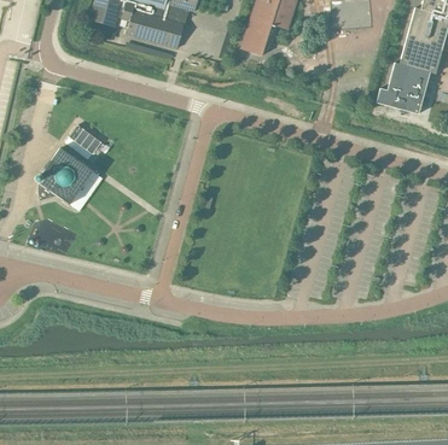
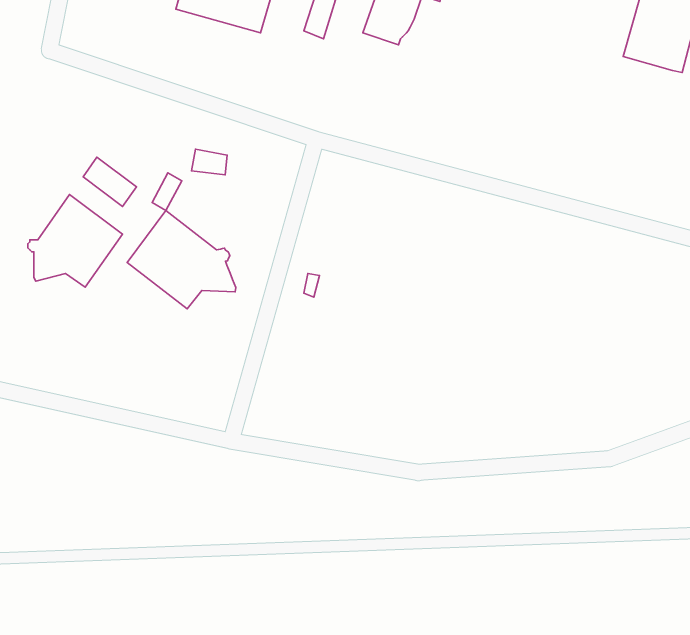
building: [377,62,430,113] -> none
building: none -> [127,210,236,309]

